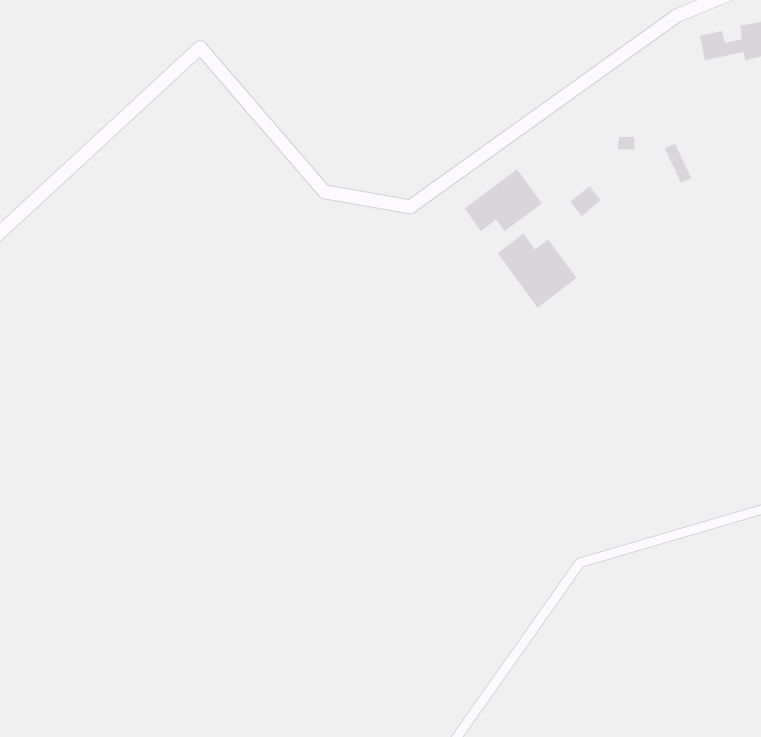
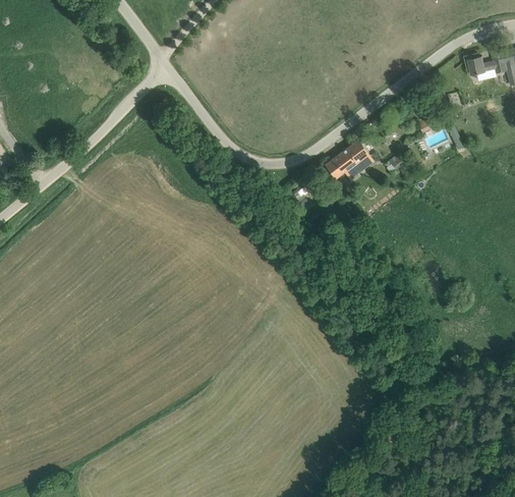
building: [497,232,578,309] -> none

